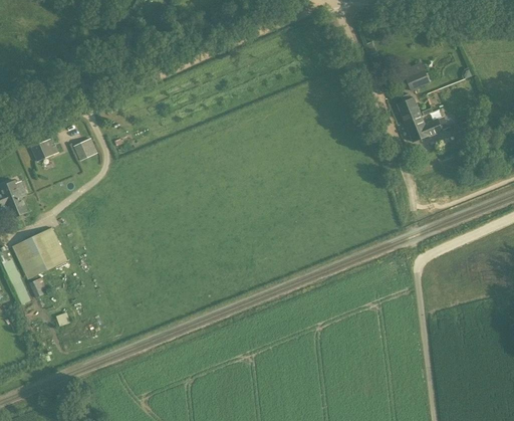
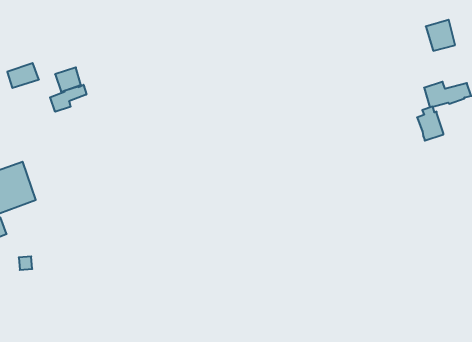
building: [396,93,421,125] -> [417,107,443,141]
building: none -> [50,85,86,112]

